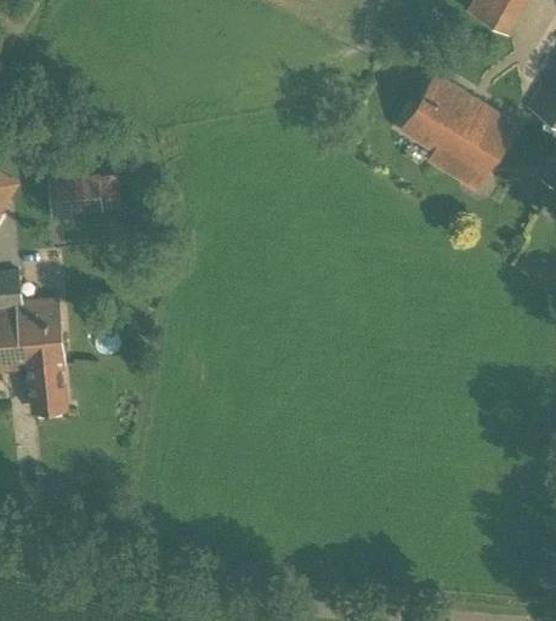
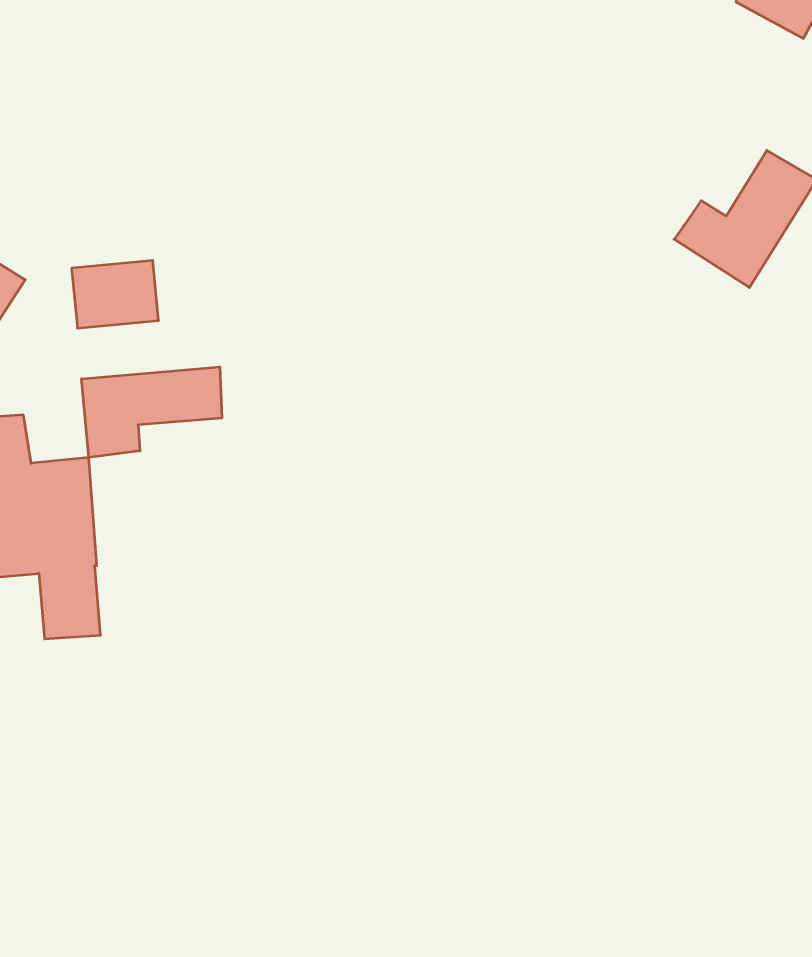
building: [398,72,486,152] -> none
building: none -> [82,367,222,457]

